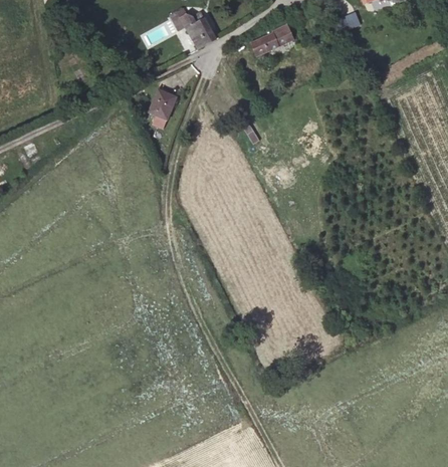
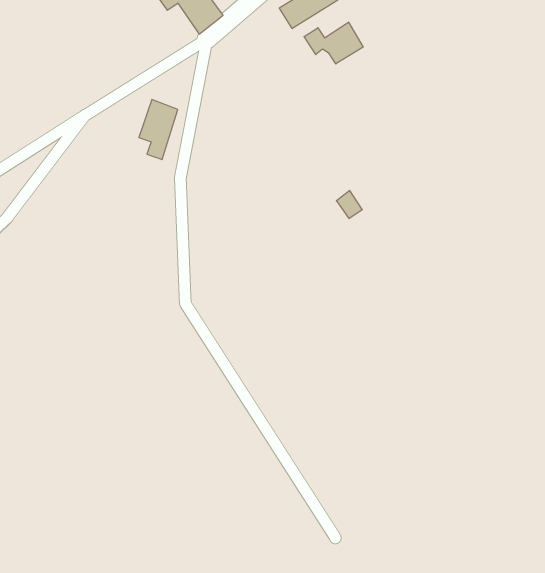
building: none -> [304,22,363,64]

